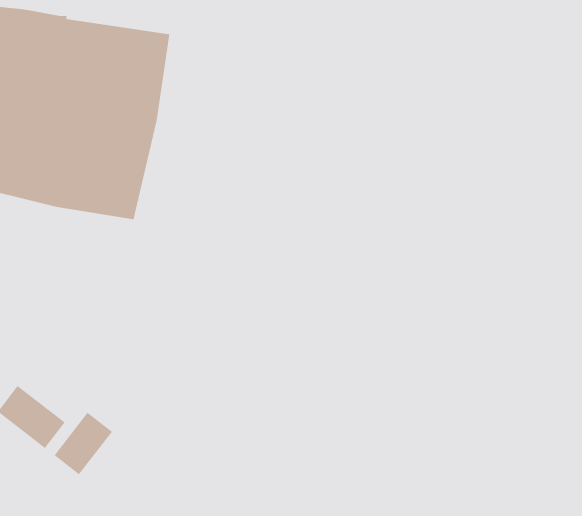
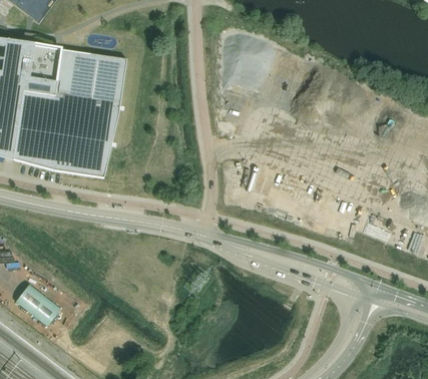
building: [54,412,113,475] -> none

